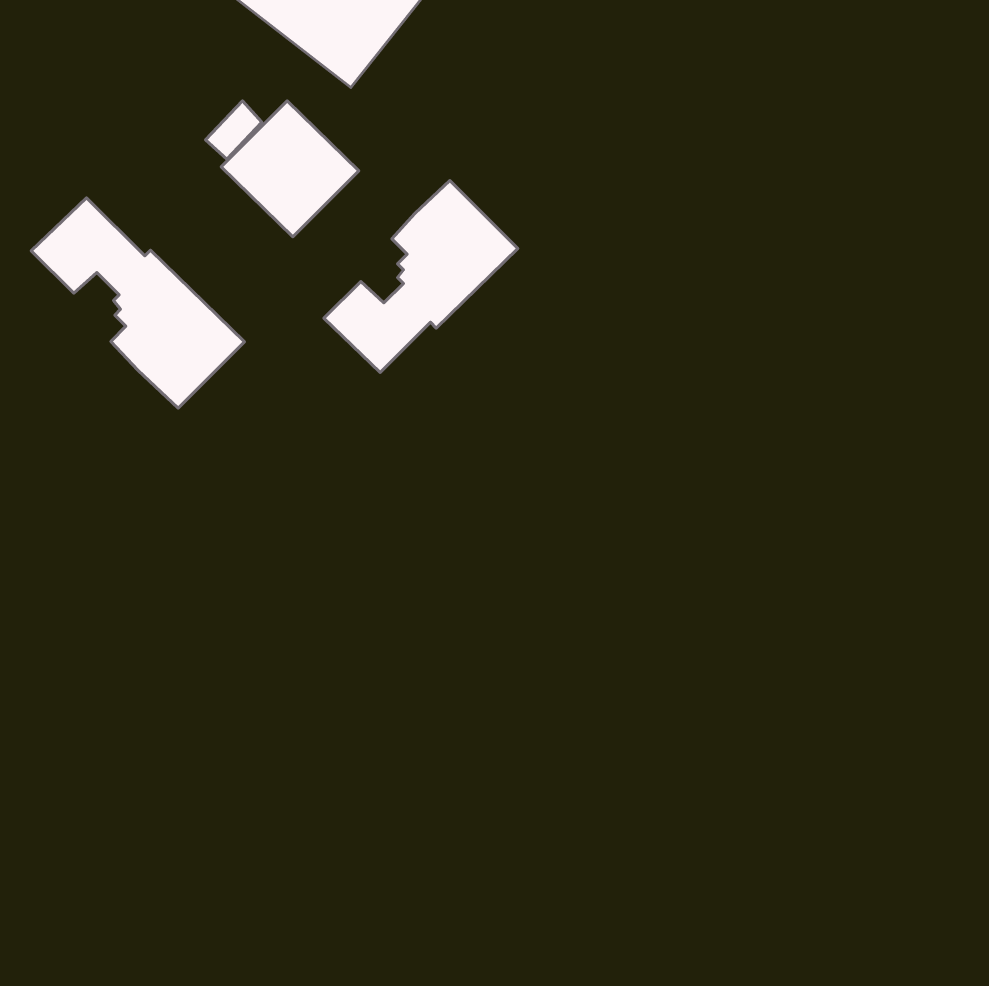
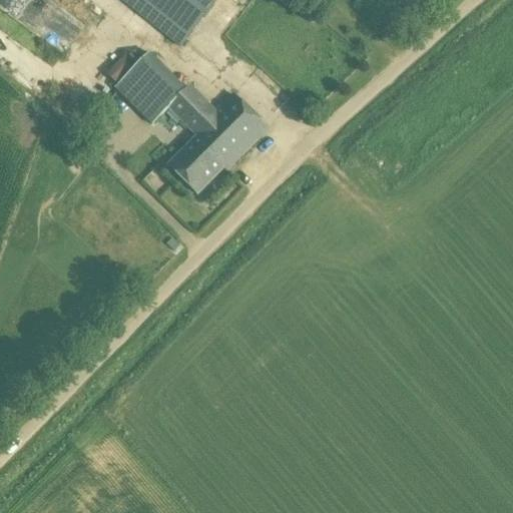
building: none -> [167,85,214,156]
building: [31,198,244,408] -> none

